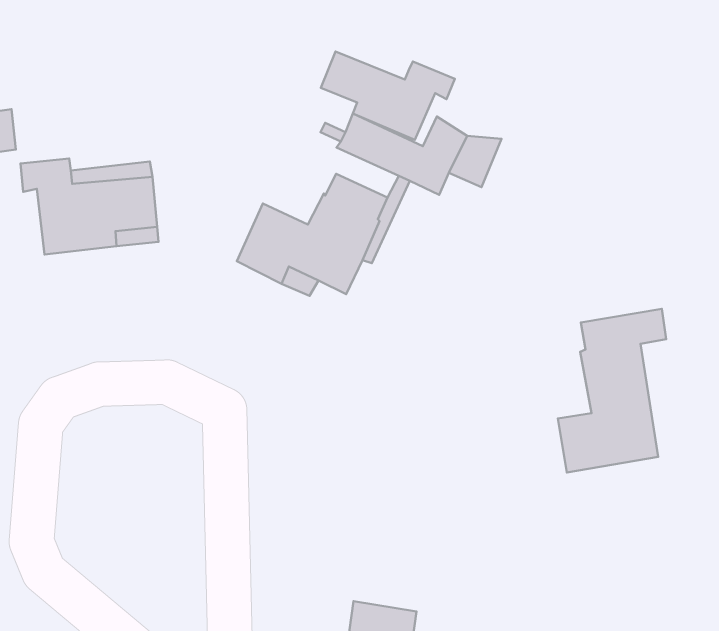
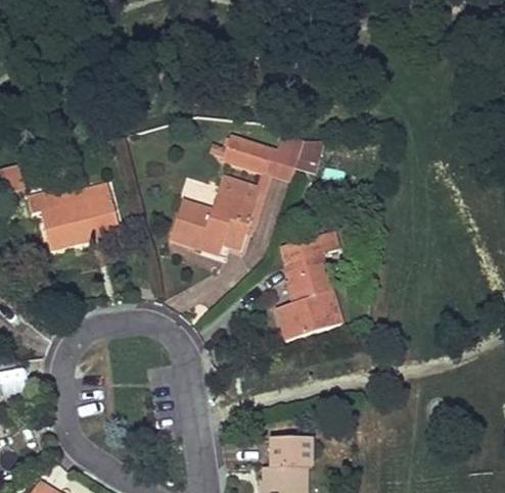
building: [321,52,455,140] -> none
building: [558,309,666,473] -> [276,231,341,340]

